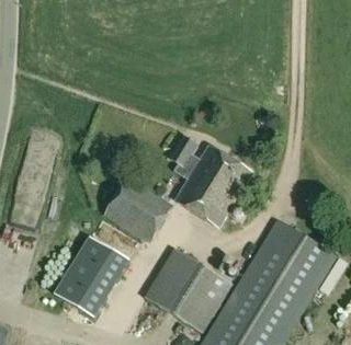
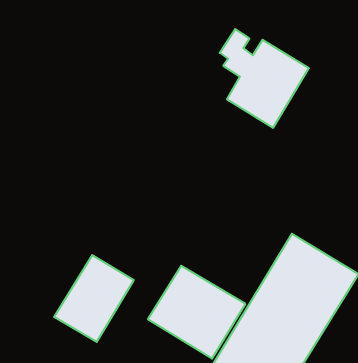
building: [169,136,251,227] -> [220,29,309,128]
building: [105,179,172,241] -> none

